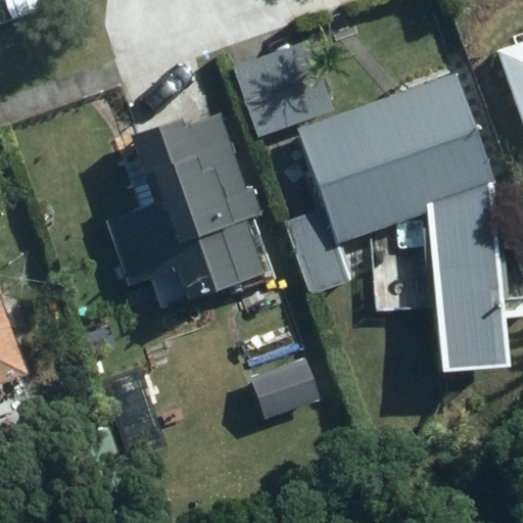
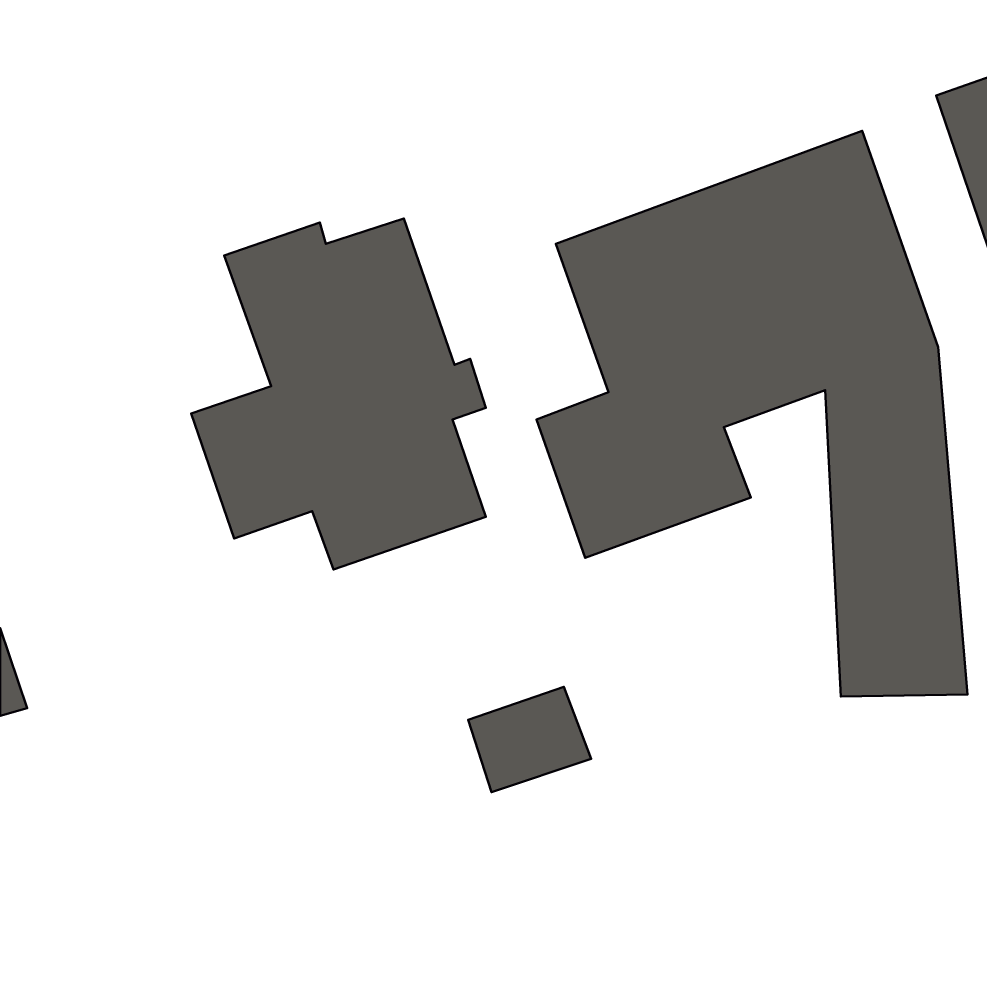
building: [236,28,341,135] -> none

